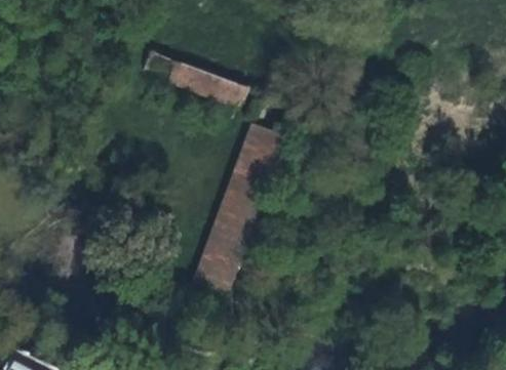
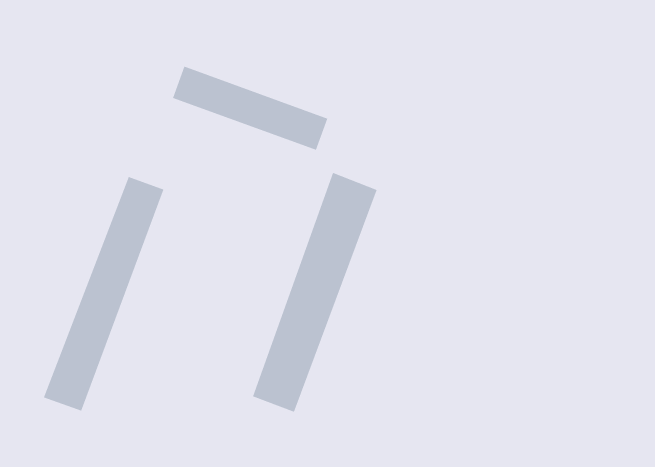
building: none -> [43,176,164,412]

